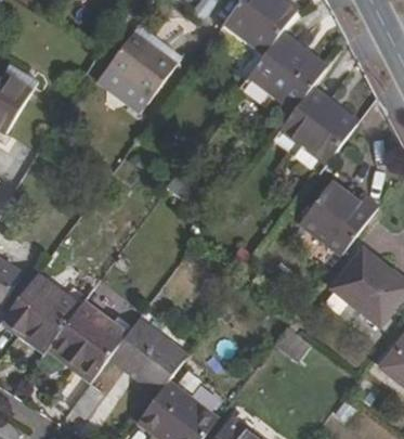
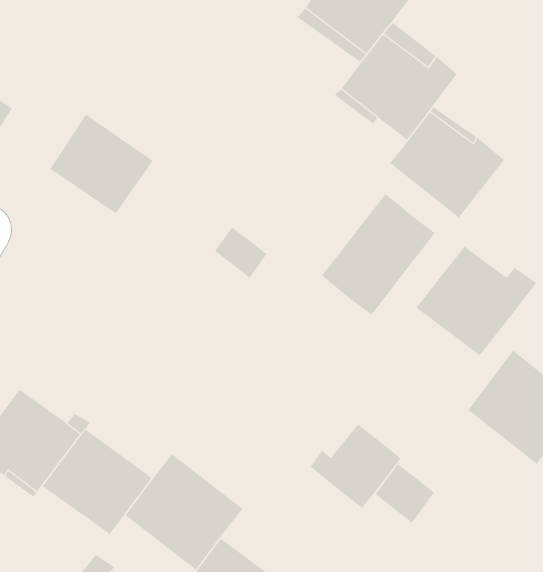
building: [105,33,174,100] -> [50,114,154,214]
building: none -> [321,193,436,315]
building: none -> [310,424,402,509]

